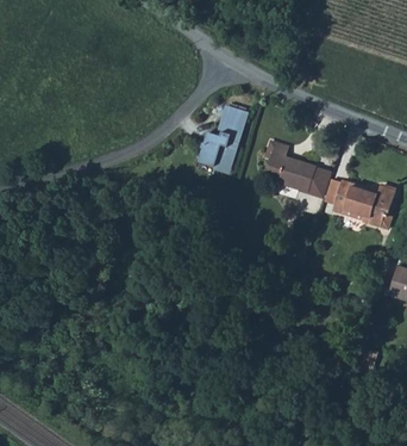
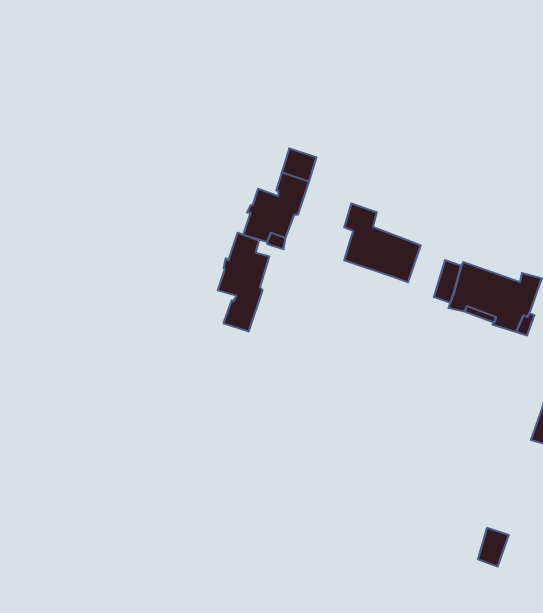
building: none -> [218,233,269,332]
building: [296,168,332,202] -> none

